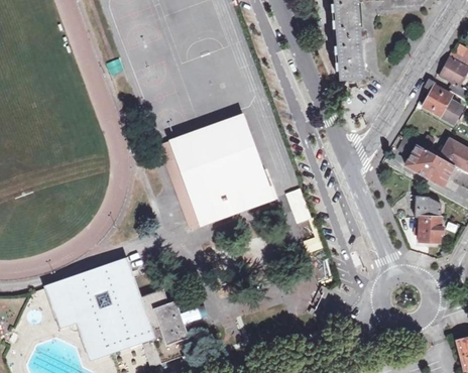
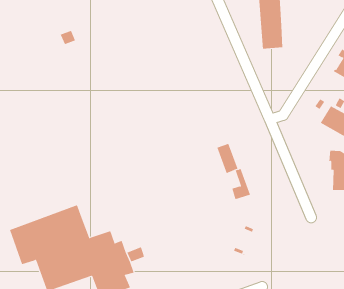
building: [159,113,273,227] -> none

